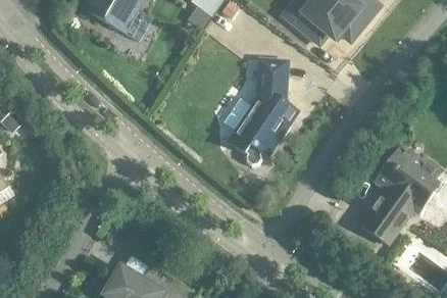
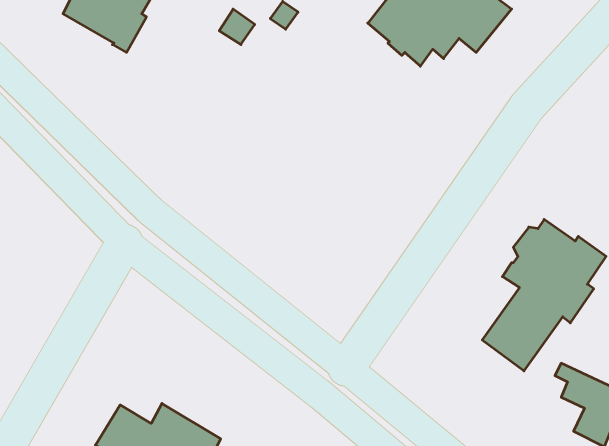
building: [224,59,298,166] -> none

